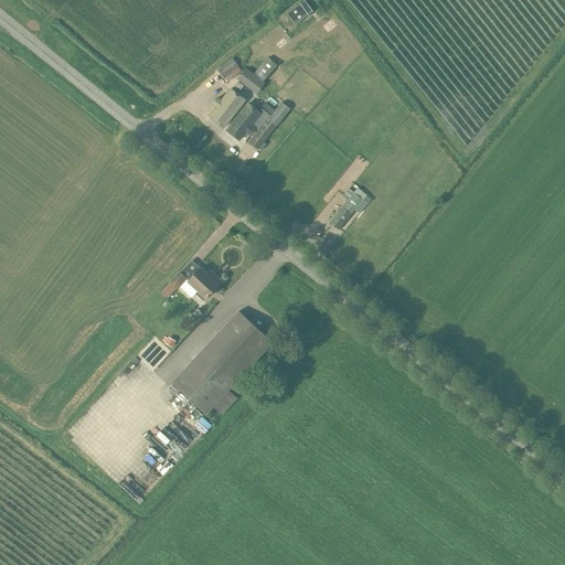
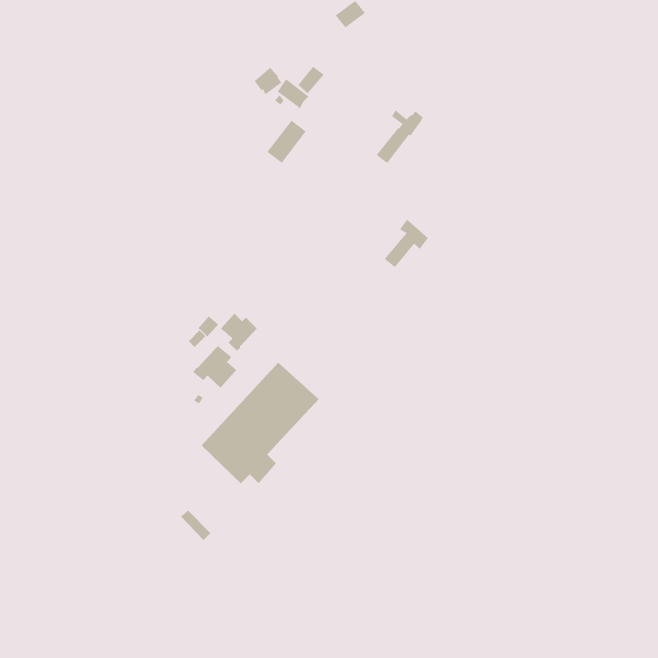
building: [209,86,247,128] -> none
building: [248,103,289,149] -> [376,110,423,164]
building: none -> [192,345,237,388]

